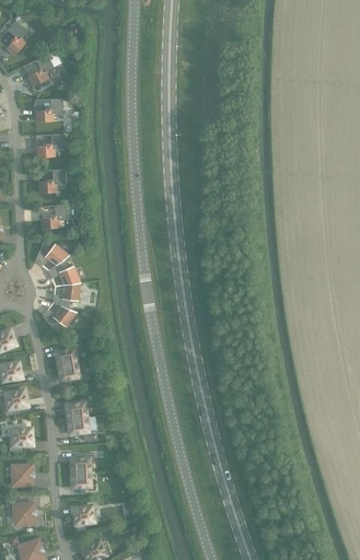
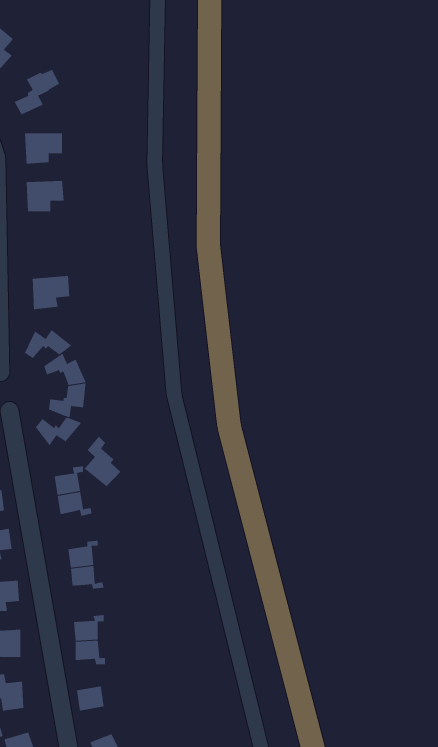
building: [35,168,63,192] -> none
building: none -> [84,436,121,487]

